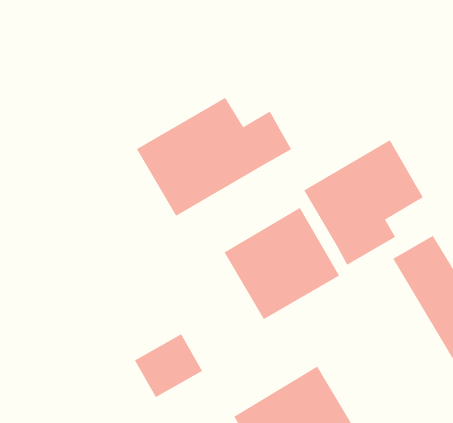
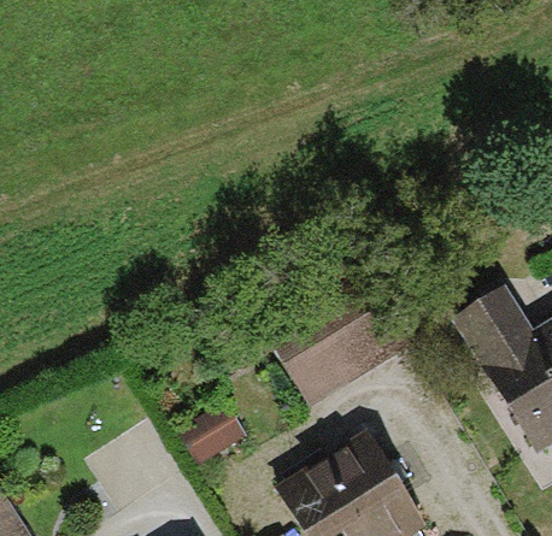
building: [136,97,292,217] -> none
building: [303,139,424,266] -> none

